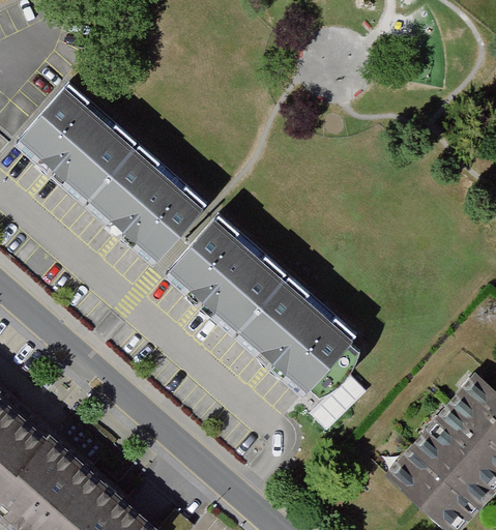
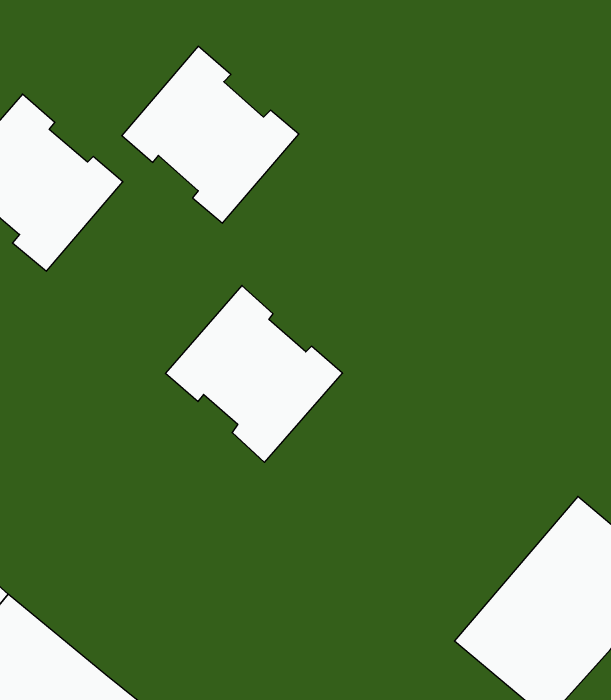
building: [82,142,211,271] -> [122,46,299,223]
building: [241,282,375,412] -> none

